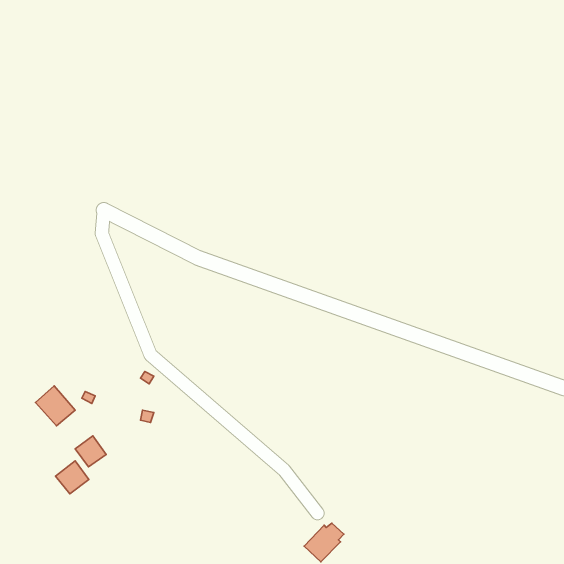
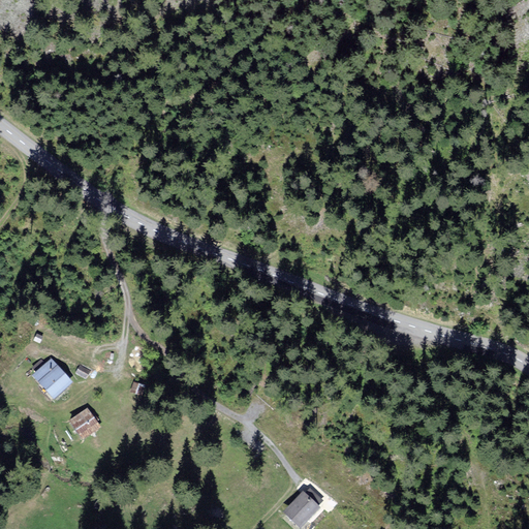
building: [56,461,89,494] -> none

